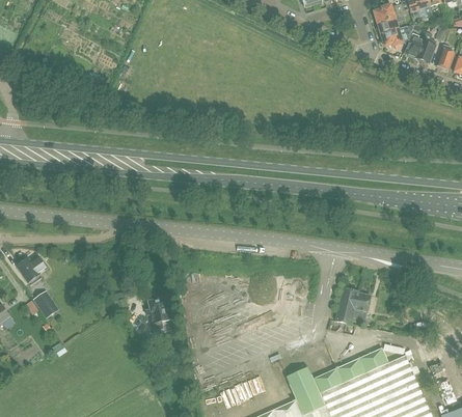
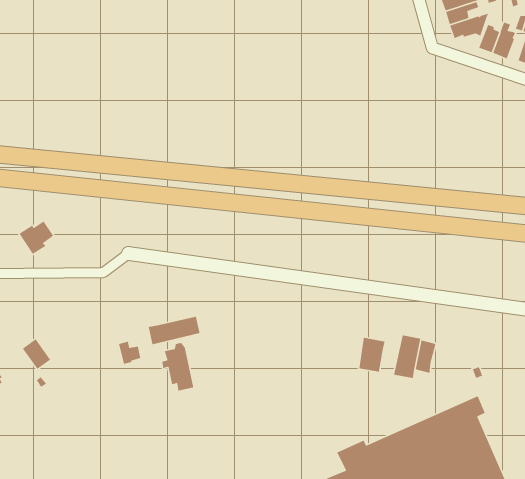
building: [18,256,47,284] -> [19,221,54,255]
building: none -> [148,316,201,345]
building: none -> [359,337,385,372]

